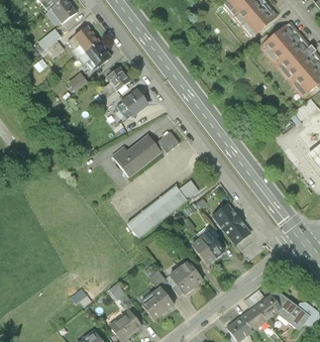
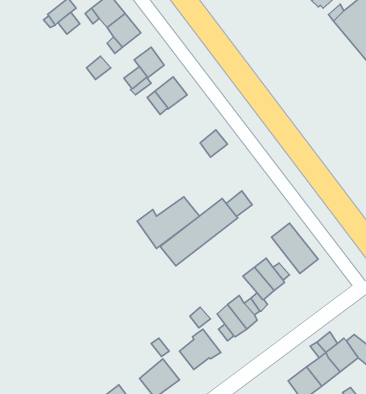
building: [113,134,162,175] -> [137,197,199,248]

